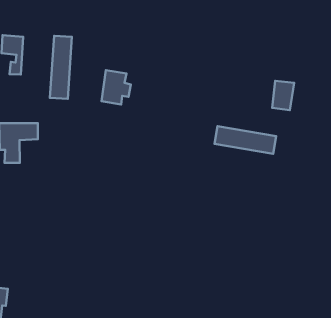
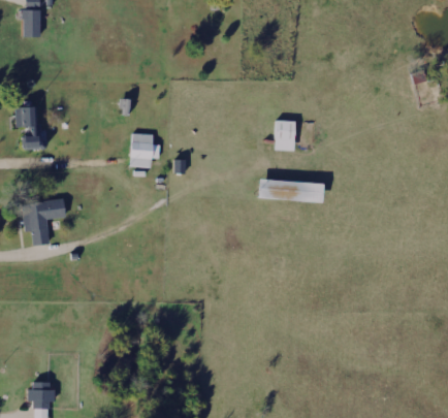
building: [50,36,72,99] -> none
building: [272,81,294,110] -> [275,120,295,150]

